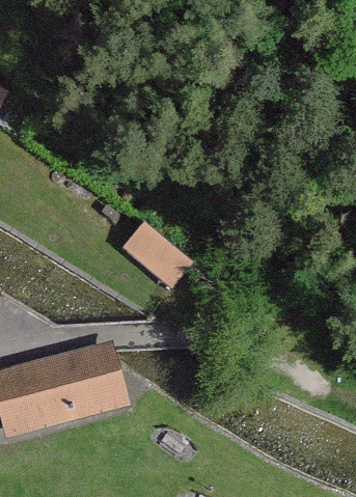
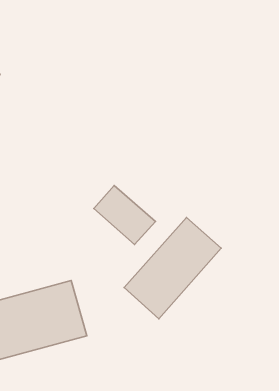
building: none -> [124,217,221,319]

